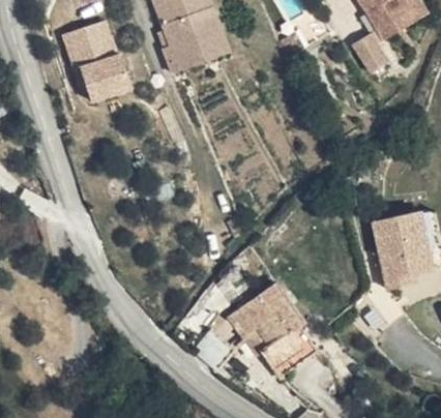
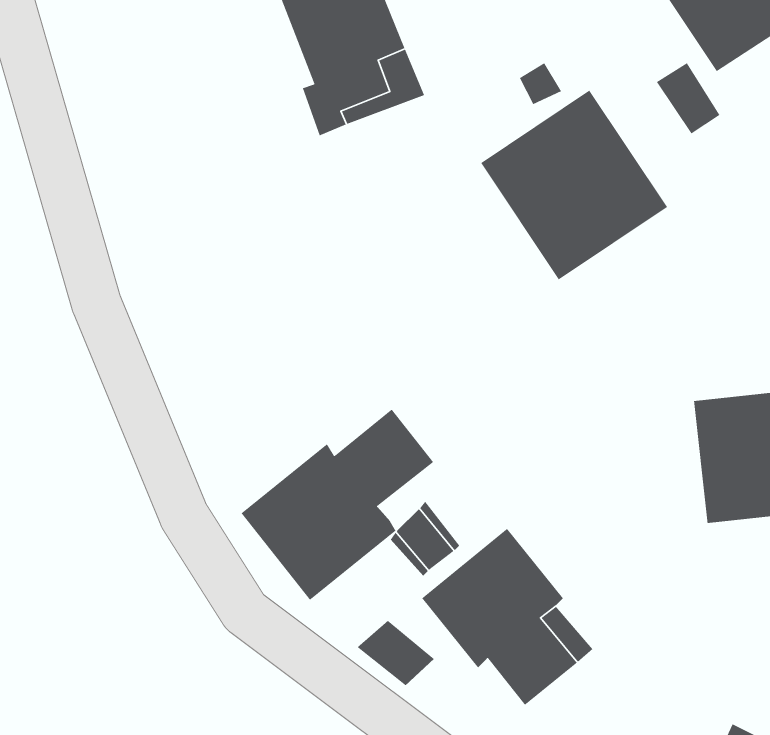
building: [61,14,129,101] -> none
building: none -> [480,90,668,281]
building: none -> [240,409,434,601]

